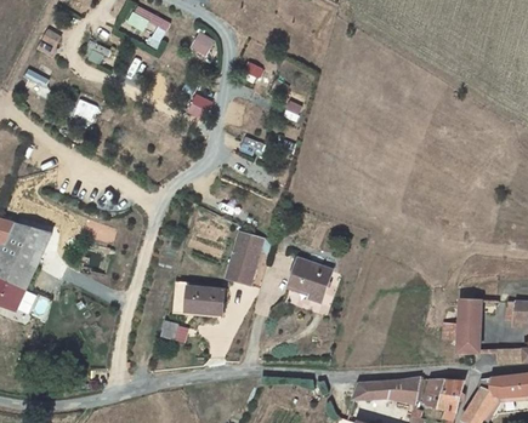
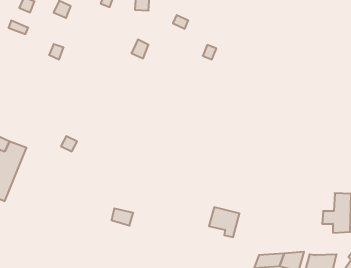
building: [225,234,262,285] -> none
building: [288,263,329,303] -> [209,207,240,237]
building: [174,281,223,313] -> none

